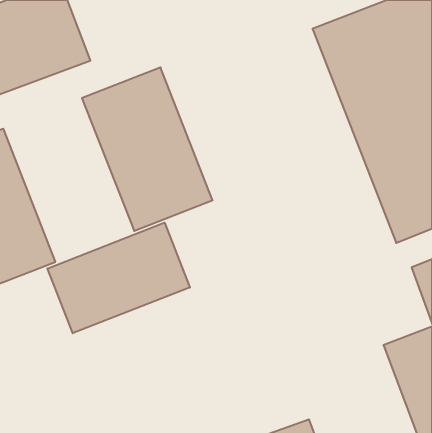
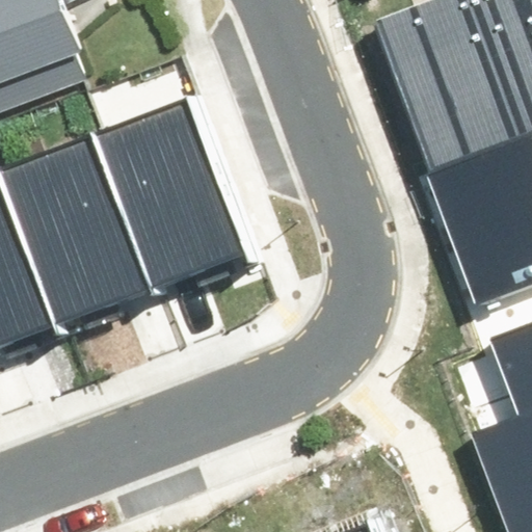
building: none -> [4,123,163,322]
building: [47,223,190,333] -> none

